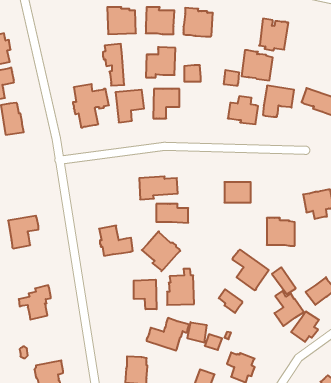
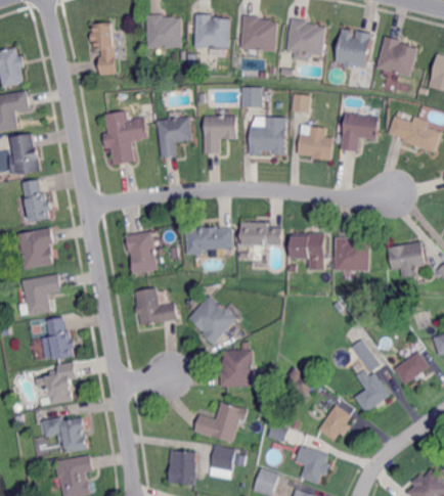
building: none -> [378,37,417,77]
building: [103,44,124,86] -> [89,22,116,75]
building: [146,47,175,77] -> [249,117,285,154]
building: [242,50,273,80] -> [285,18,324,56]
building: none -> [21,180,51,222]
building: none -> [17,228,52,269]
building: none -> [126,231,159,274]
building: [156,204,188,223] -> [240,222,280,245]
building: [267,218,295,246] -> [335,237,369,272]
building: [233,250,269,290] -> none
building: none -> [41,318,73,360]
building: [134,280,157,309] -> none
building: [291,312,319,342] -> [316,405,351,443]
building: [187,322,207,342] -> [211,446,235,471]
building: none -> [42,416,89,453]

